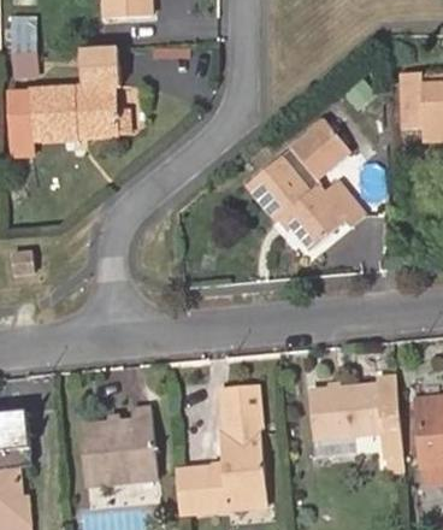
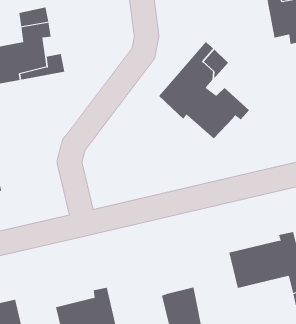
building: [219,391,259,432] -> none

